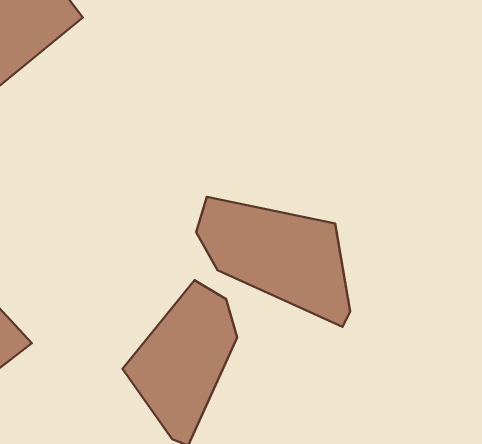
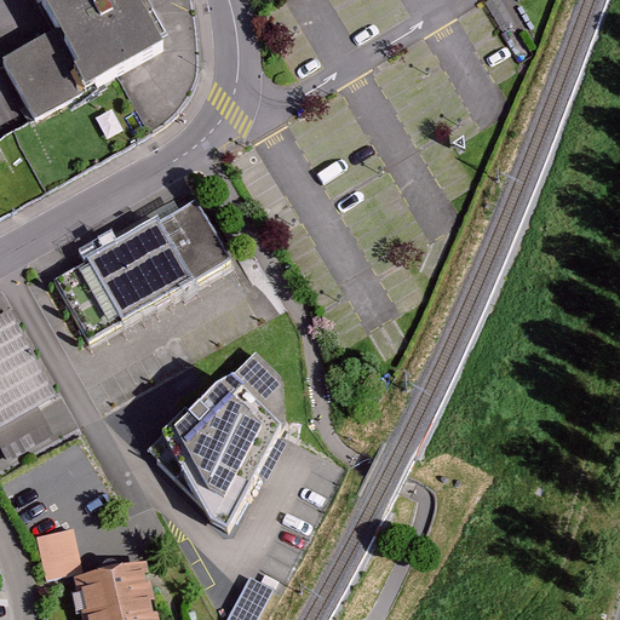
building: none -> [53,199,229,341]
building: [196,197,350,327] -> none

